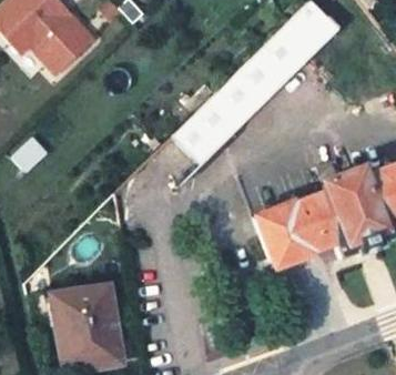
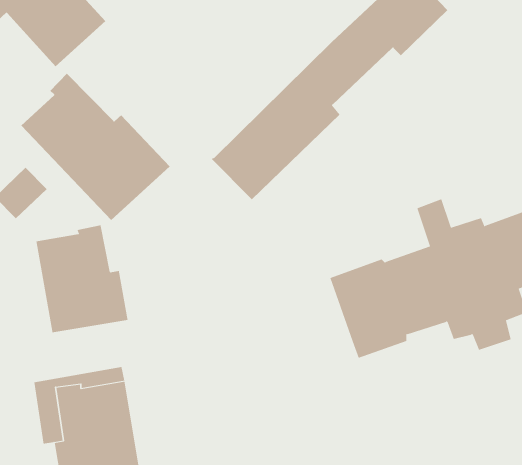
building: none -> [21,73,171,221]
building: none -> [36,224,128,333]

